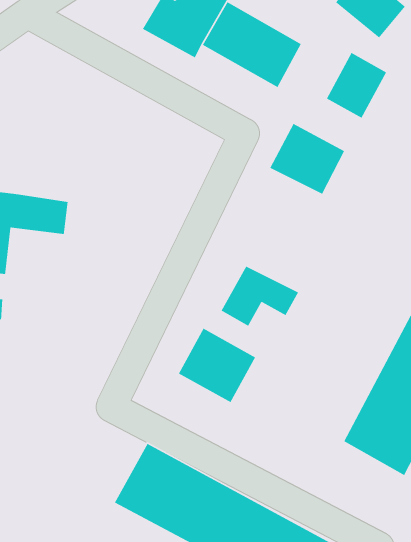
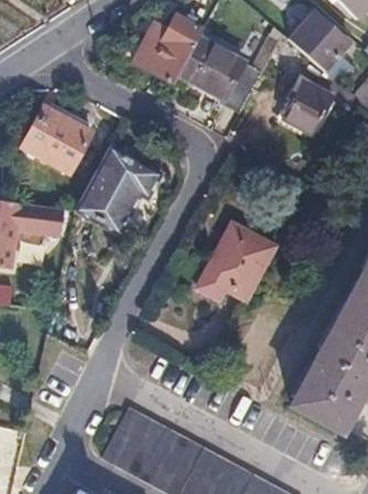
building: none -> [22,100,93,171]
building: [269,123,345,195] -> [213,222,276,281]
building: none -> [75,144,162,233]
building: [178,328,256,403] -> none

